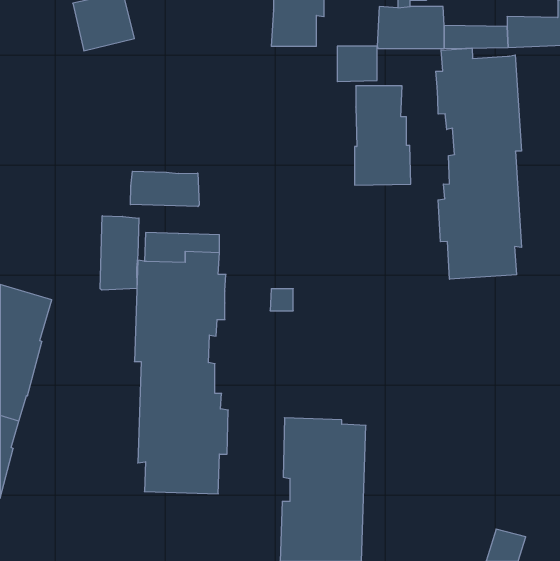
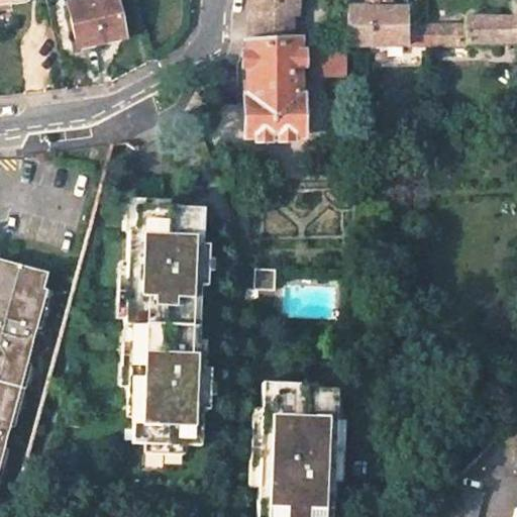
building: [436,48,522,279] -> none
building: [355,86,411,185] -> [250,42,302,133]
building: [130,171,199,207] -> none
building: [100,216,139,290] -> none

